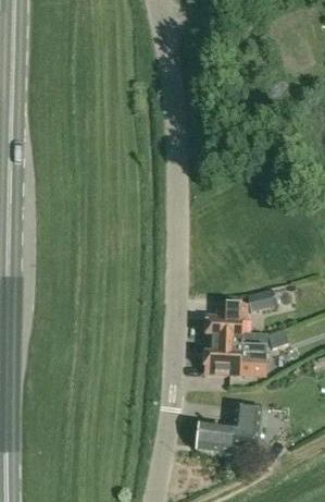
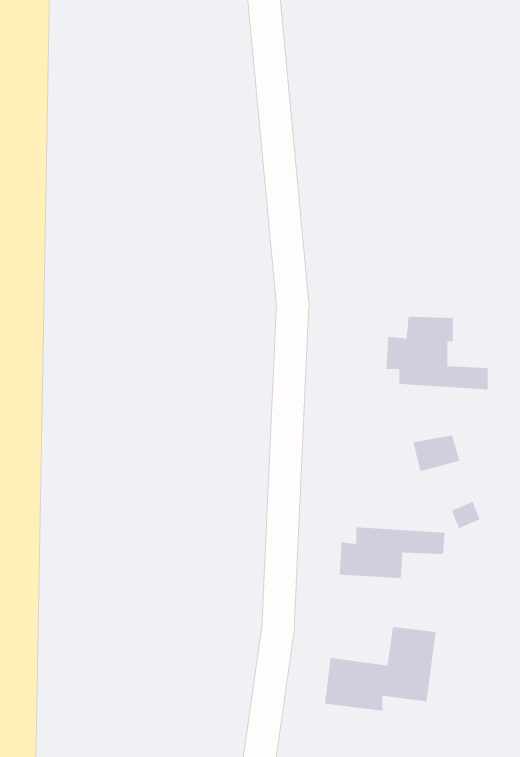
building: [205,304,266,347] -> [386,316,489,390]

